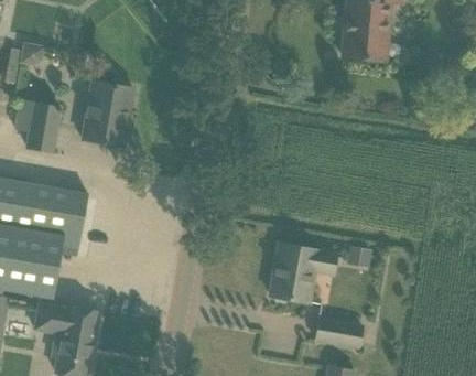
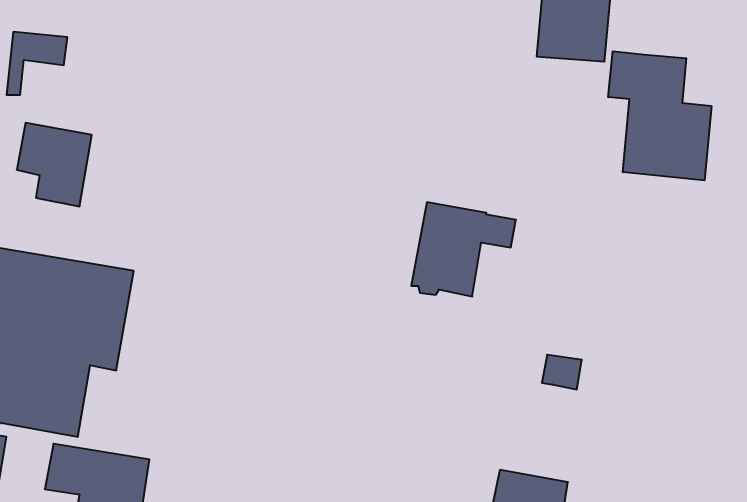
building: none -> [608,51,711,180]
building: [82,80,132,144] -> none
building: [269,243,335,302] -> [411,202,516,296]

